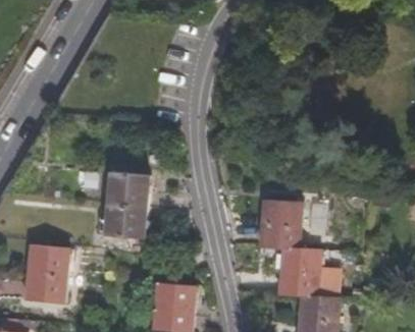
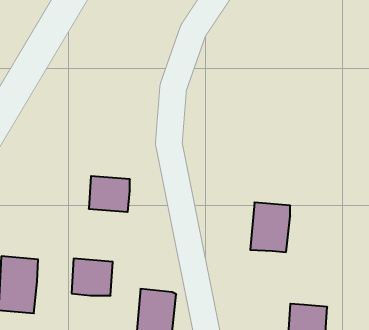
building: [107,204,147,239] -> [72,259,113,296]
building: [282,244,321,296] -> none

